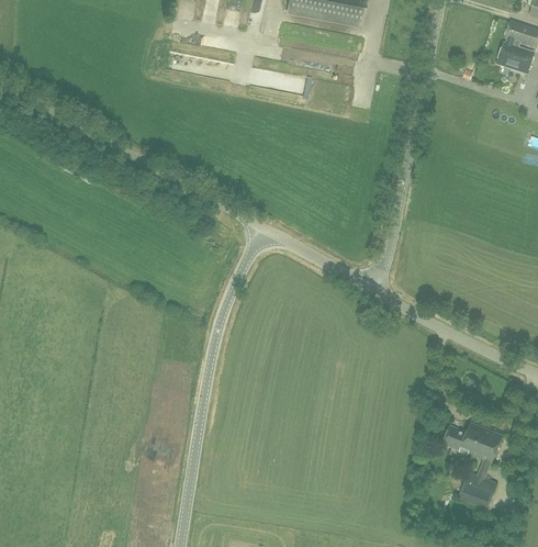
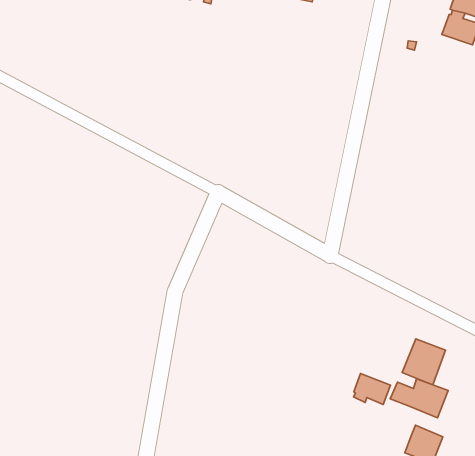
building: none -> [402,339,445,385]
building: none -> [354,373,391,404]

